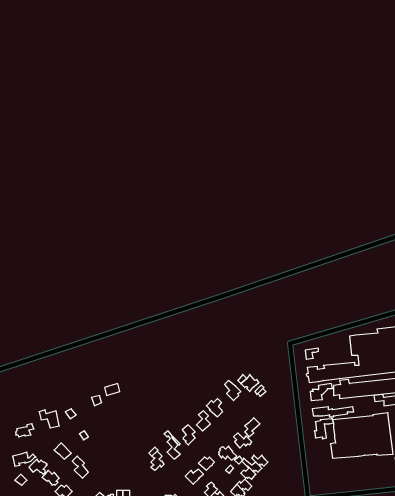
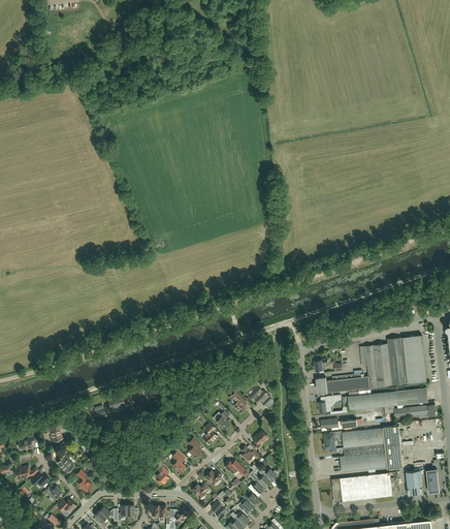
building: none -> [331,473,397,503]

